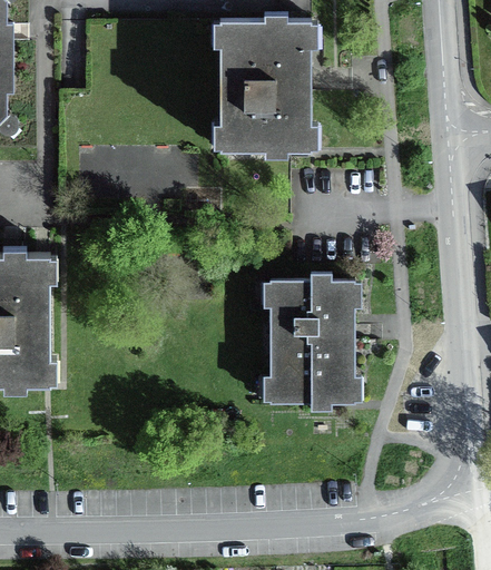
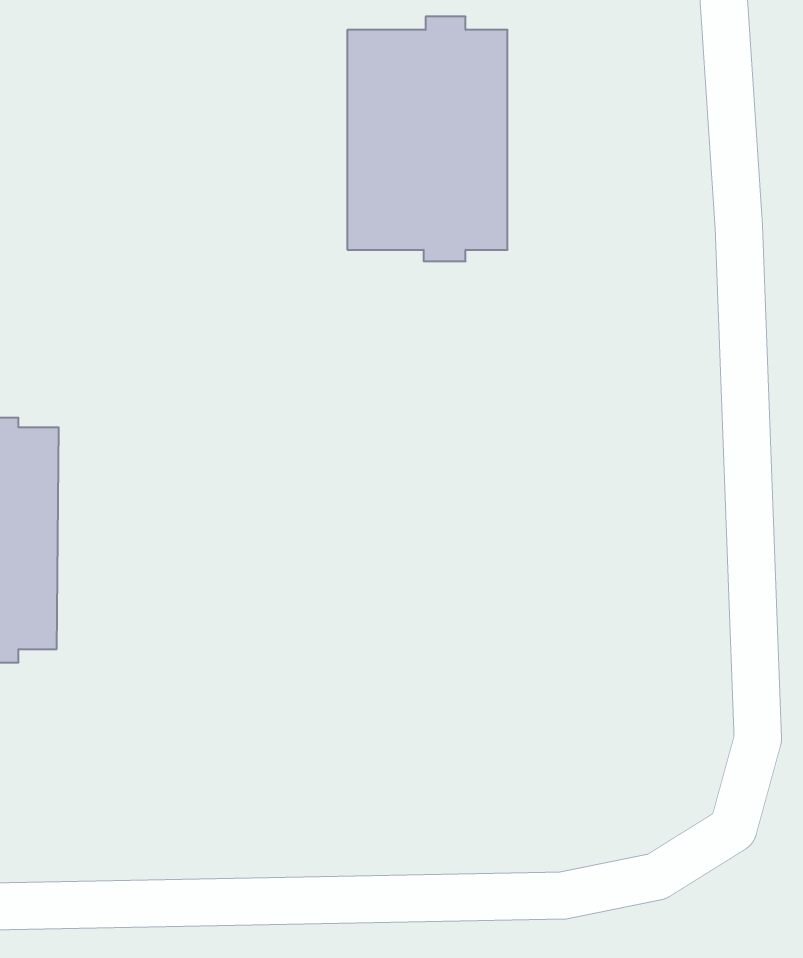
building: [268,274,355,411] -> none

